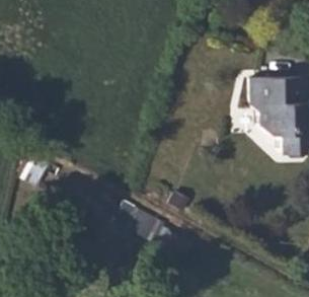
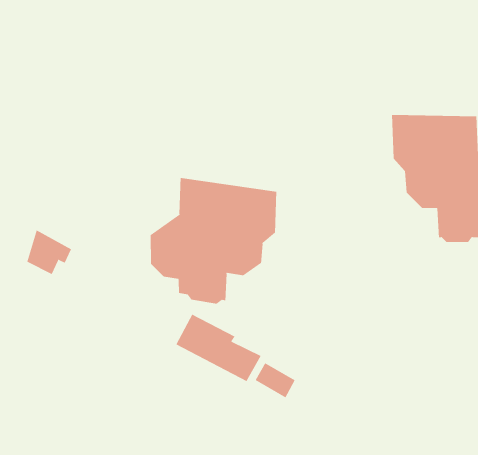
building: none -> [150,177,277,304]

